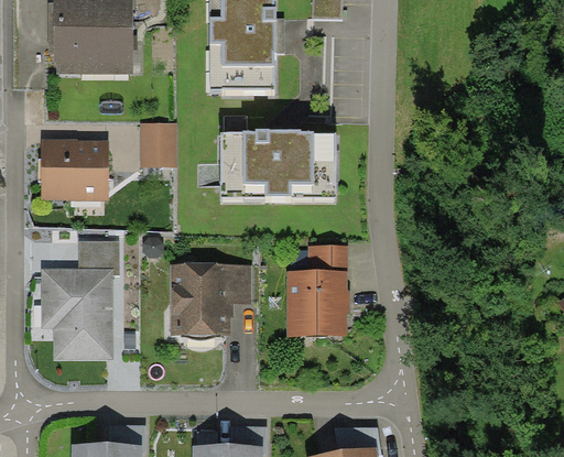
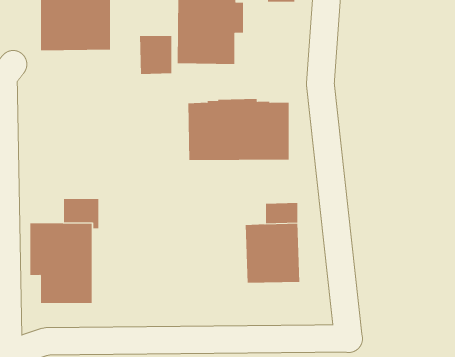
building: [140,123,177,167] -> [139,35,172,74]
building: [41,140,108,200] -> none
building: [170,265,251,340] -> none

